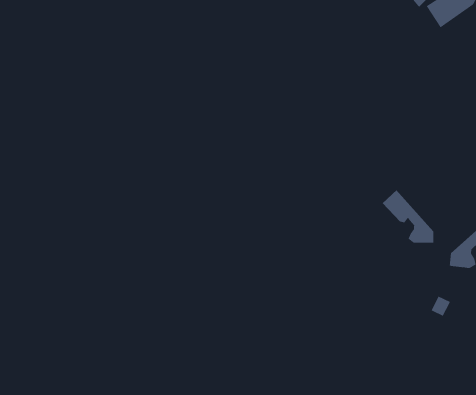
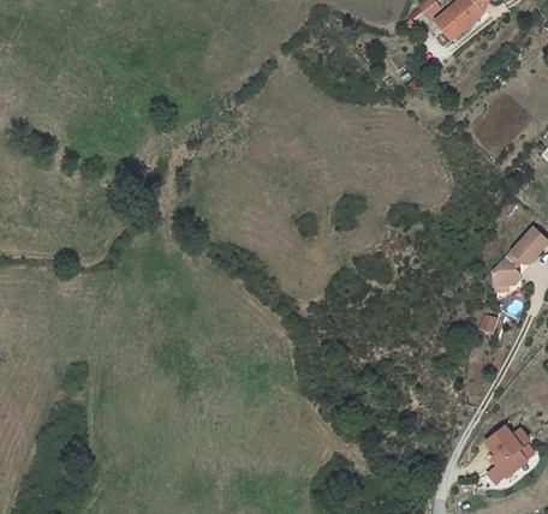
building: [382,189,434,244] -> none

